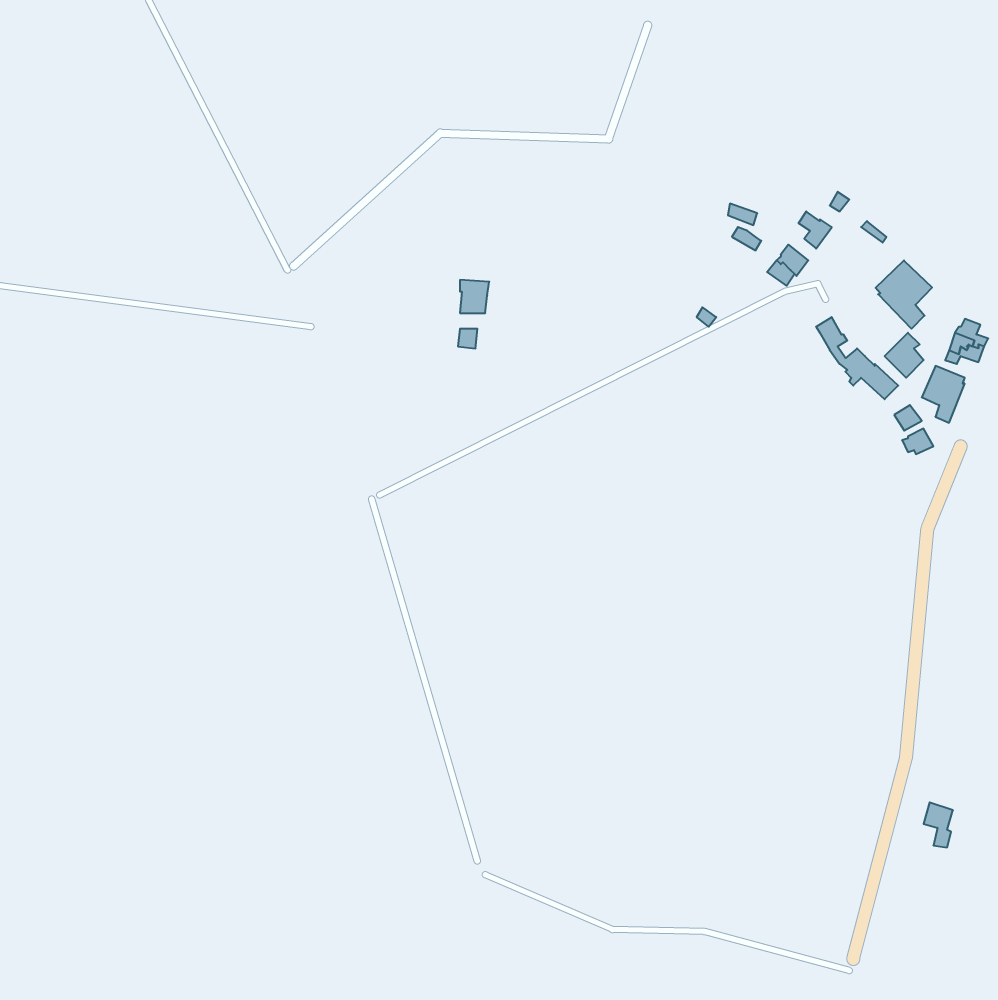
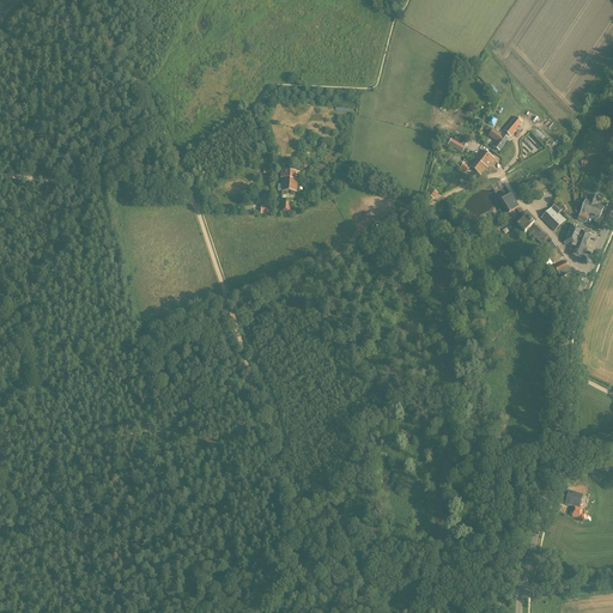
building: [876,260,932,329] -> none

